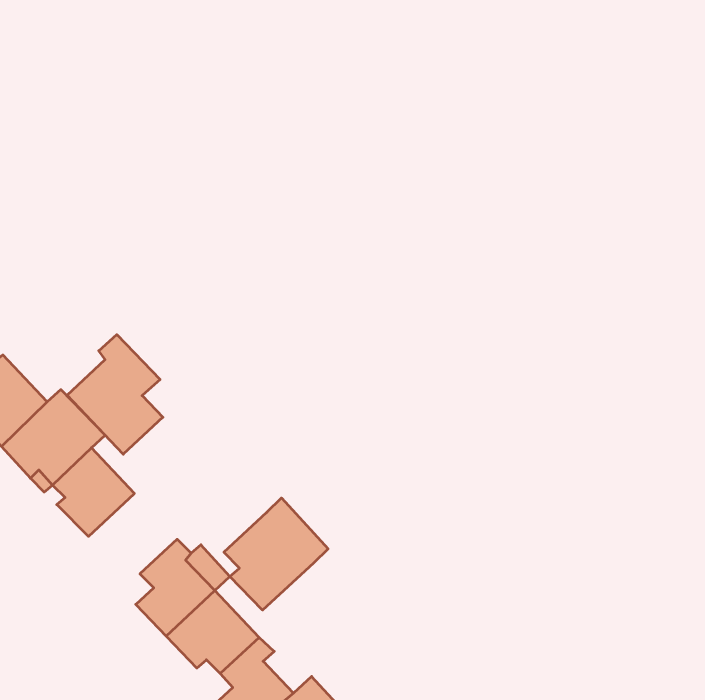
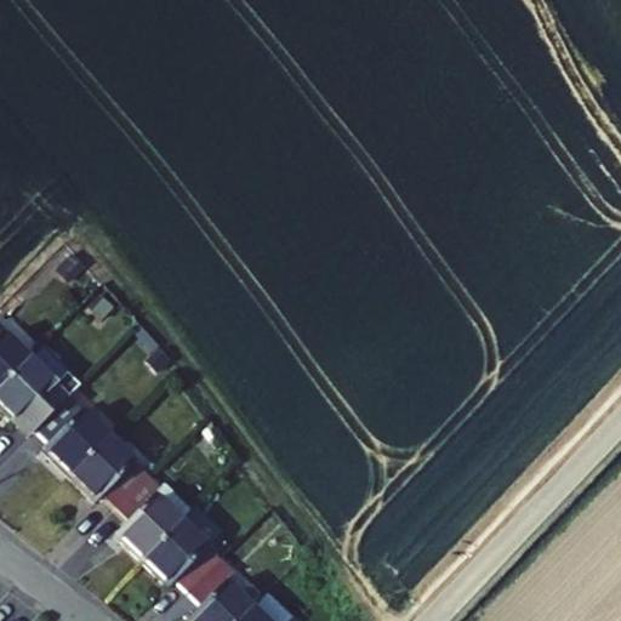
building: [67,335,163,454] -> none
building: none -> [78,439,155,509]
building: [224,498,328,610] -> none

